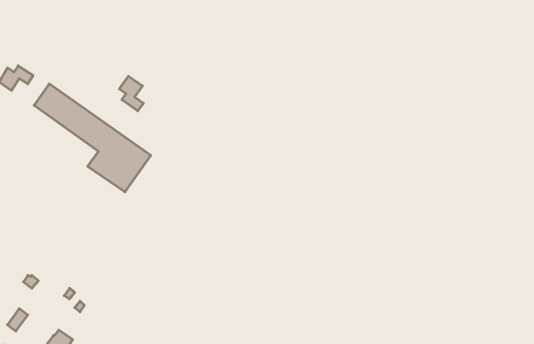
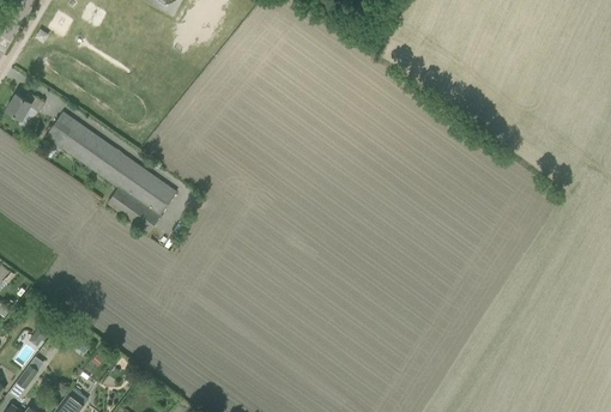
building: [119,76,143,111] -> none

